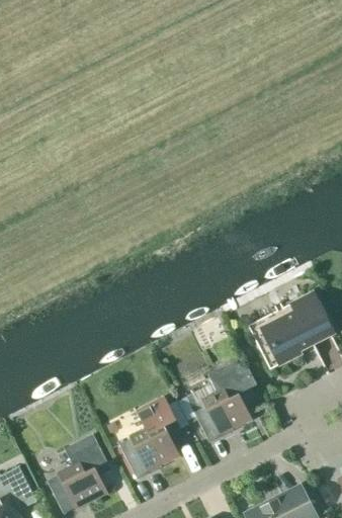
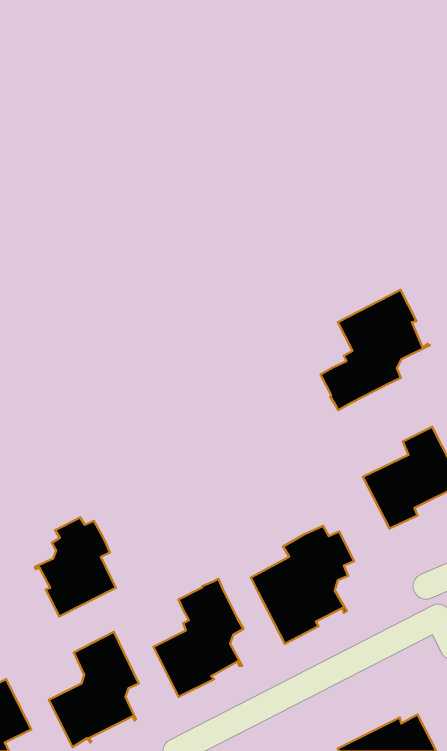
building: none -> [321,290,430,410]
building: none -> [35,517,116,617]

